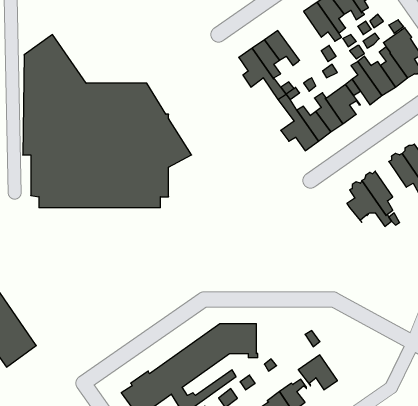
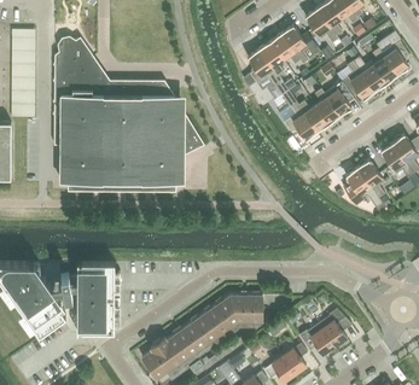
building: none -> [281,25,315,65]
building: none -> [60,264,120,333]
building: none -> [319,310,351,346]

